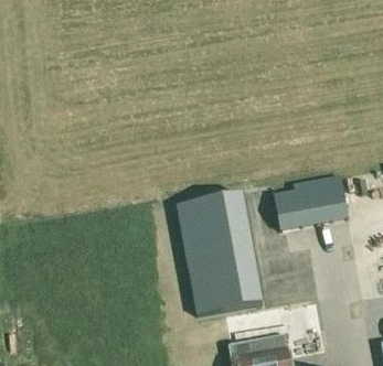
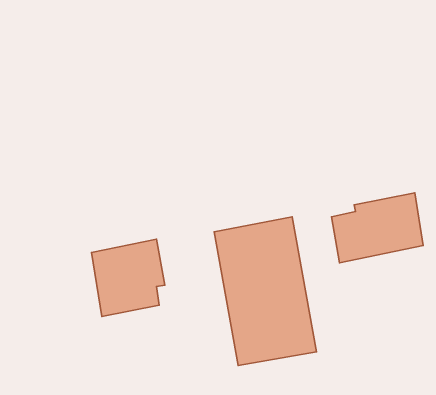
building: none -> [91,239,165,316]

